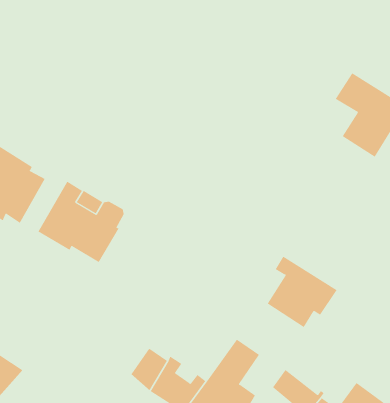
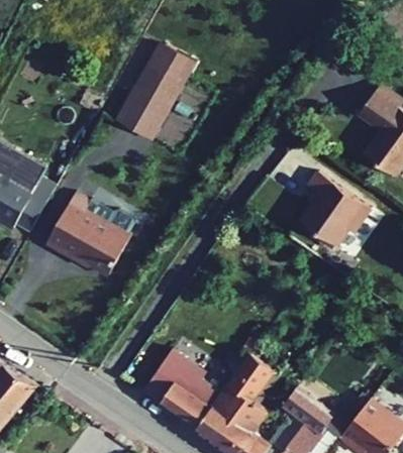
building: none -> [124,47,189,136]
building: [267,256,338,328] -> [309,182,380,253]

